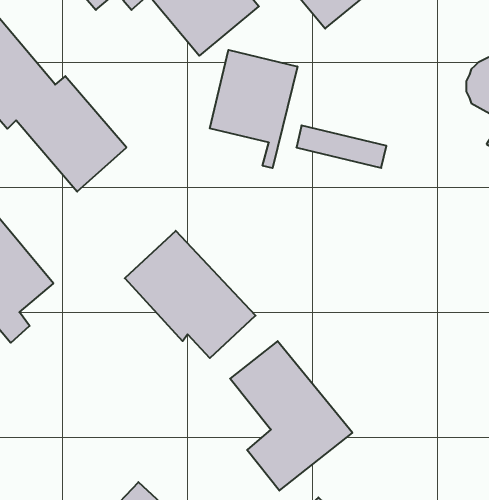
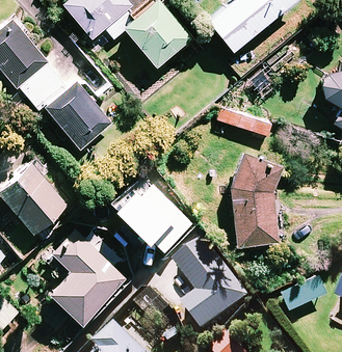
building: [210,50,297,168] -> none
building: none -> [232,154,282,245]
building: none -> [51,229,127,325]

